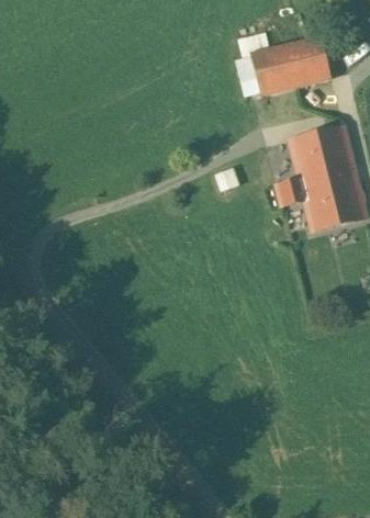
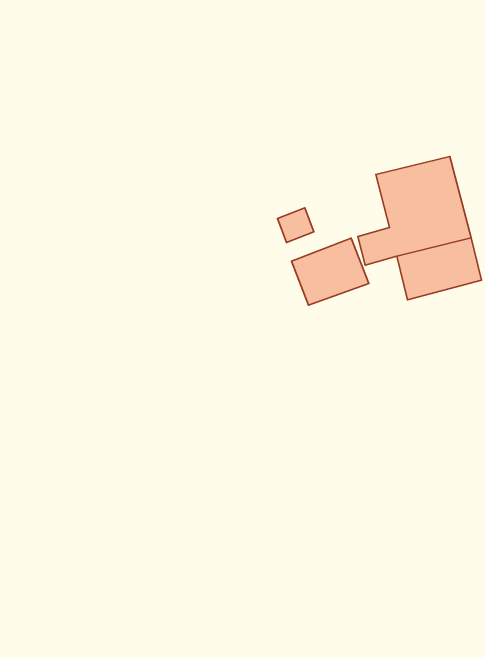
building: [250,35,330,93] -> none
building: none -> [292,238,369,305]

